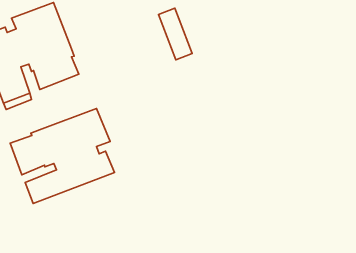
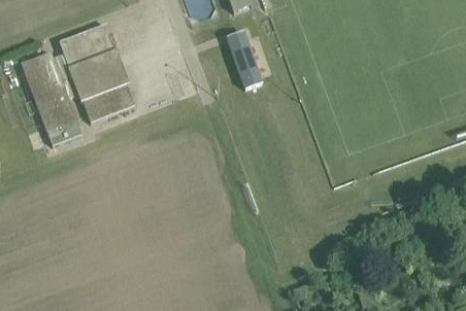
building: [10,108,114,204] -> none

